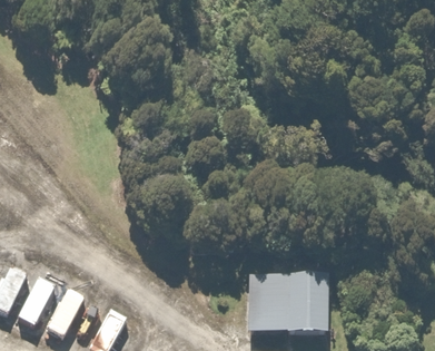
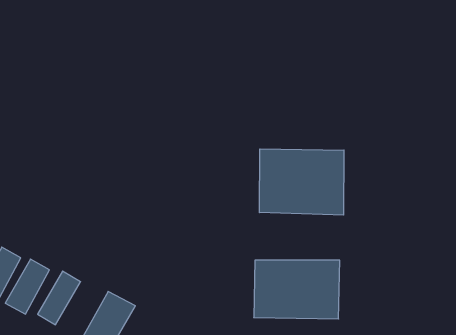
building: none -> [259,149,344,215]

